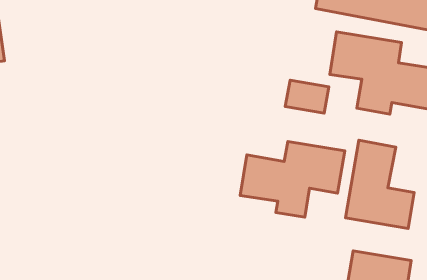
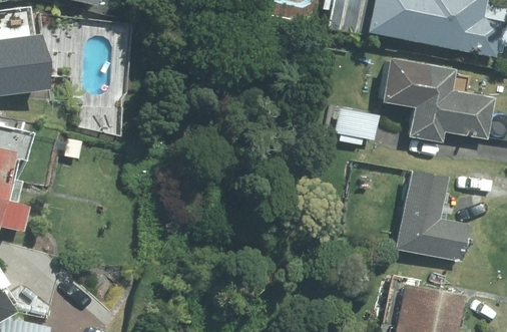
building: [240,141,345,217] -> none

